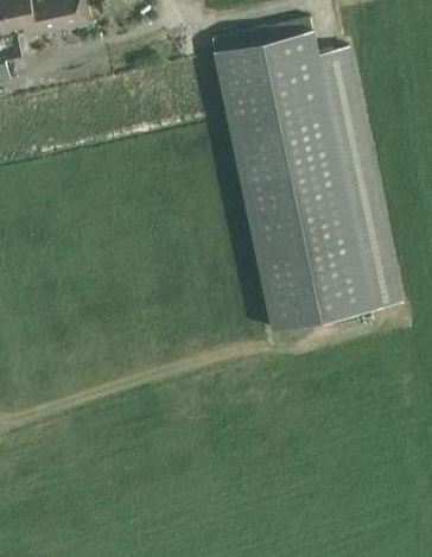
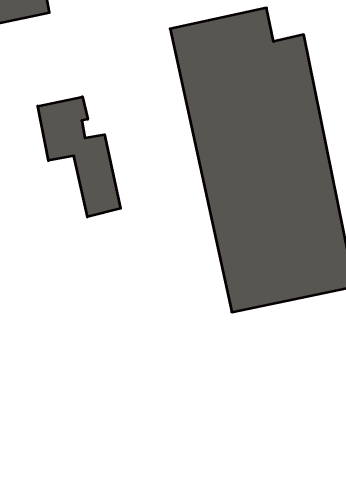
building: none -> [38,97,121,217]

